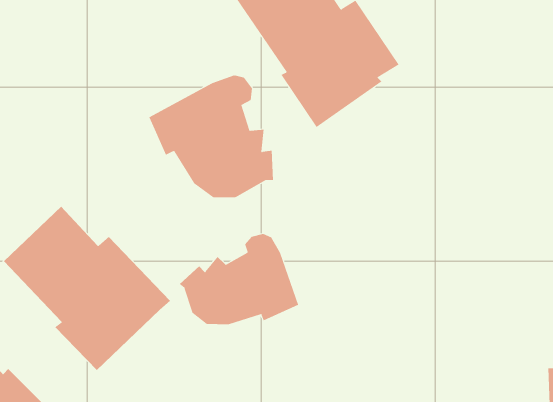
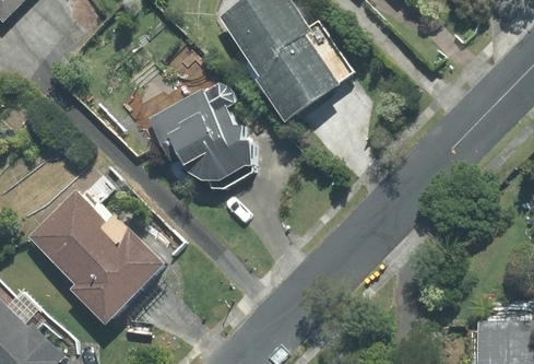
building: [179,233,299,325] -> none

